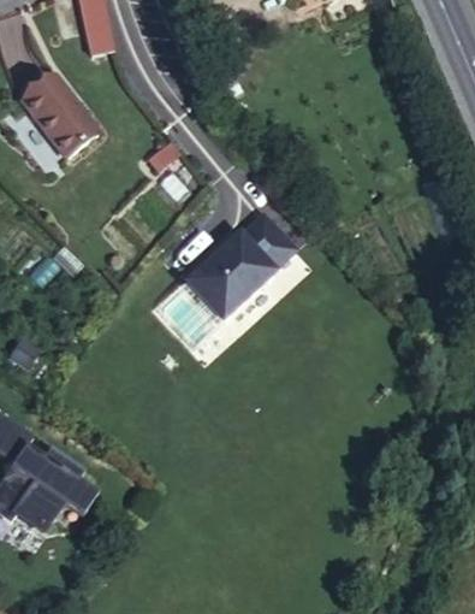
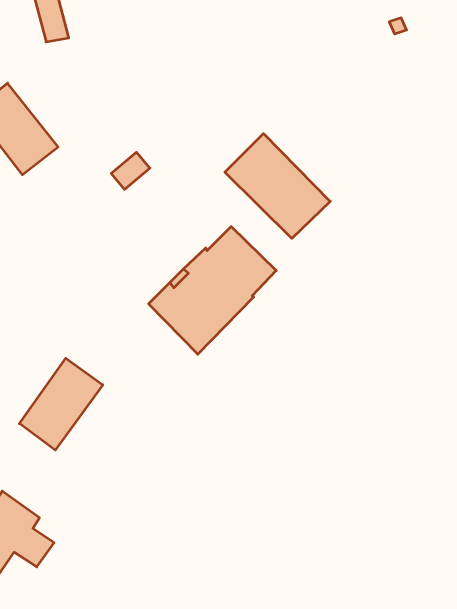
building: none -> [225,134,330,238]
building: none -> [19,358,103,450]

